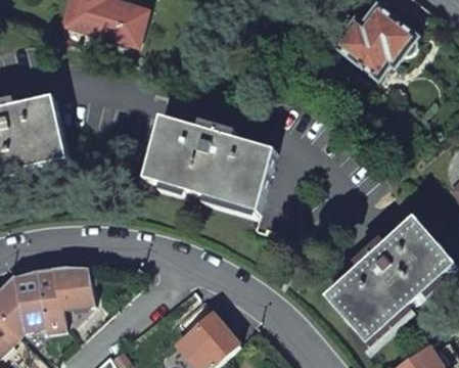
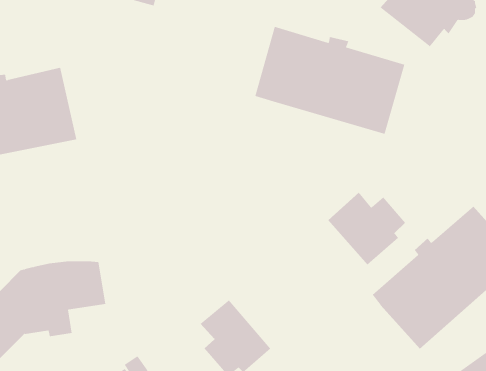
building: [143,117,275,212] -> [254,26,405,135]
building: none -> [327,192,406,265]

